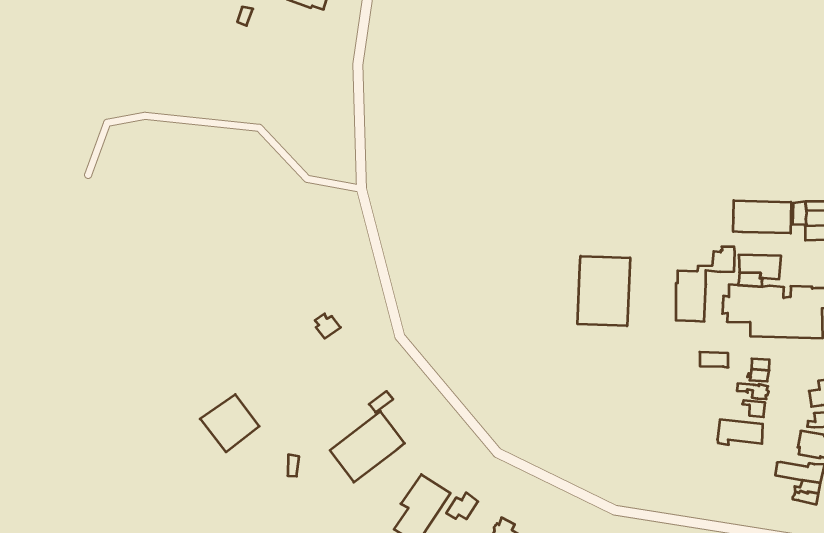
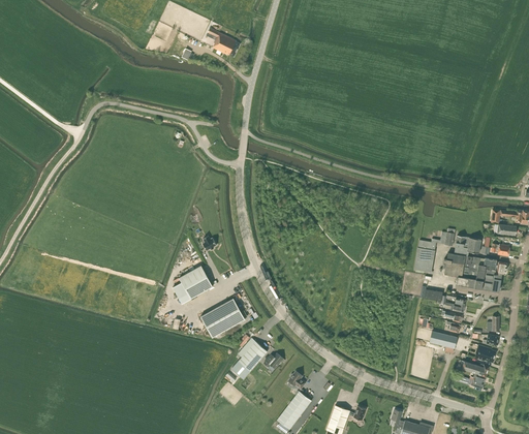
building: [733,200,791,233] -> none
building: [578,256,630,326] -> none
building: [200,394,259,452] -> [179,266,213,299]

